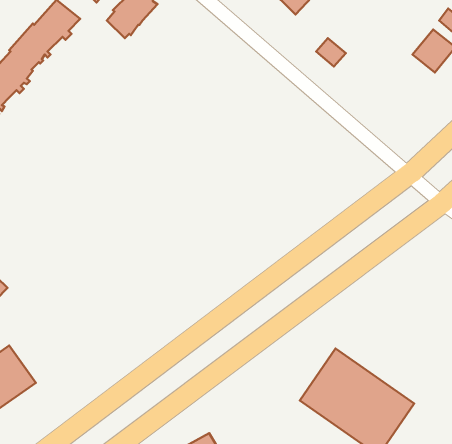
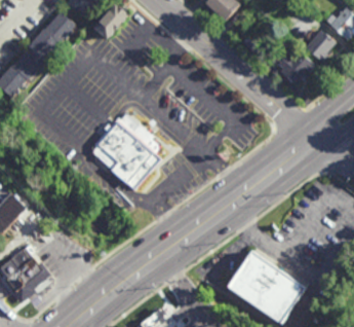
building: none -> [278,51,314,87]
building: none -> [91,115,162,193]

